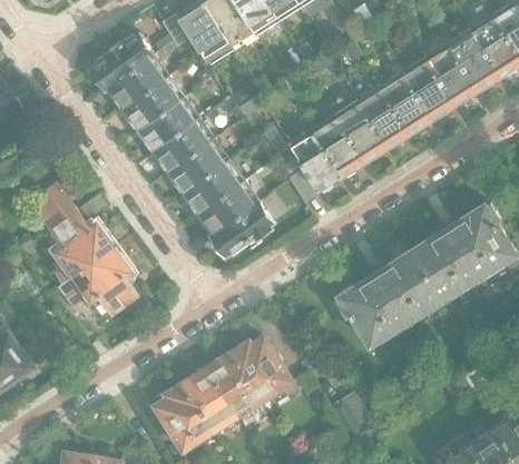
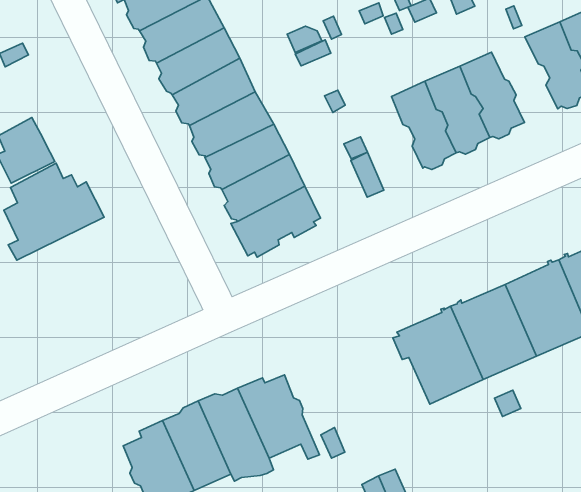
building: [376,71,430,132] -> none
building: [286,128,340,190] -> none
building: [57,245,136,314] -> none

